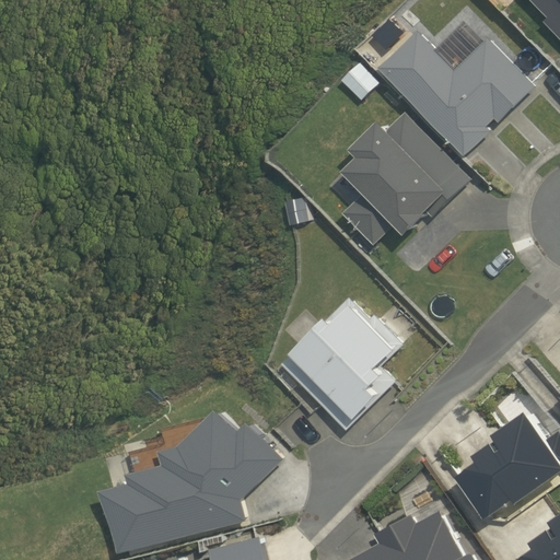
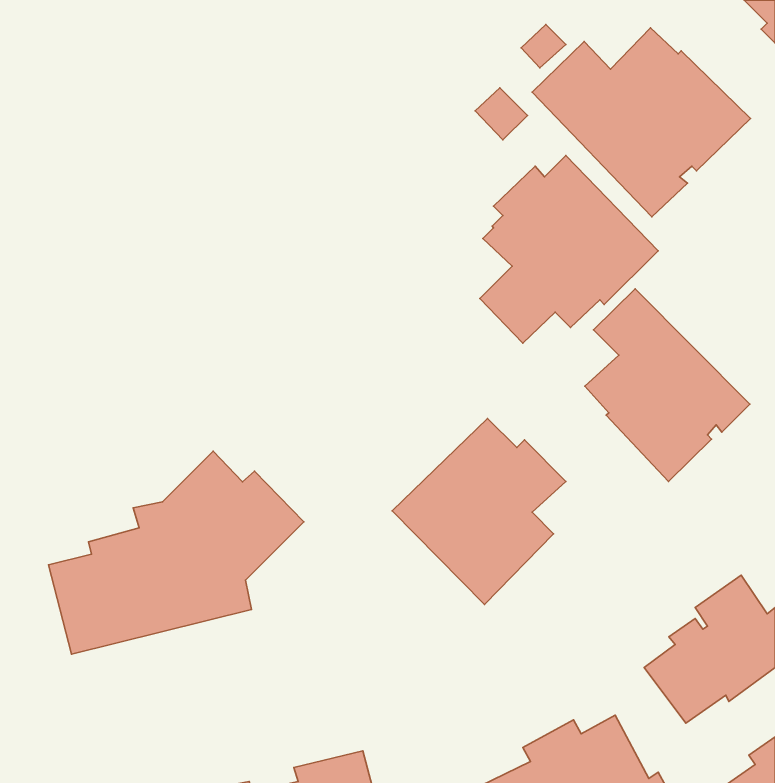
building: none -> [585,289,750,481]
building: [100,408,281,552] -> [49,451,304,654]

